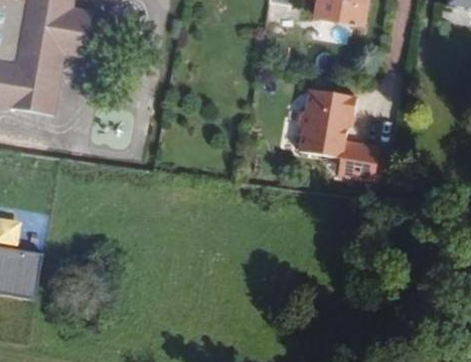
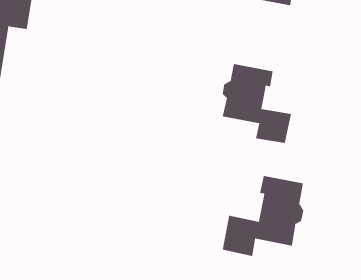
building: none -> [222,175,304,257]

